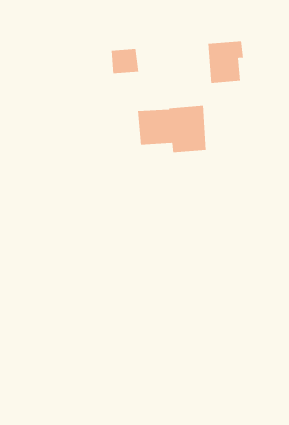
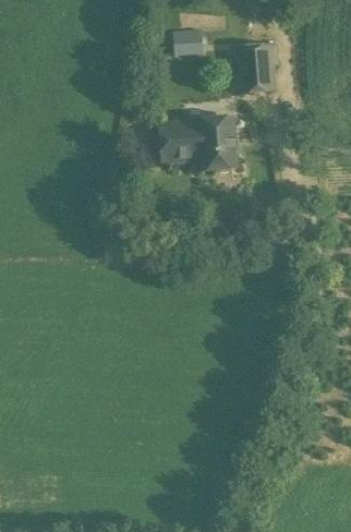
building: [111,48,139,74] -> [171,27,203,56]

